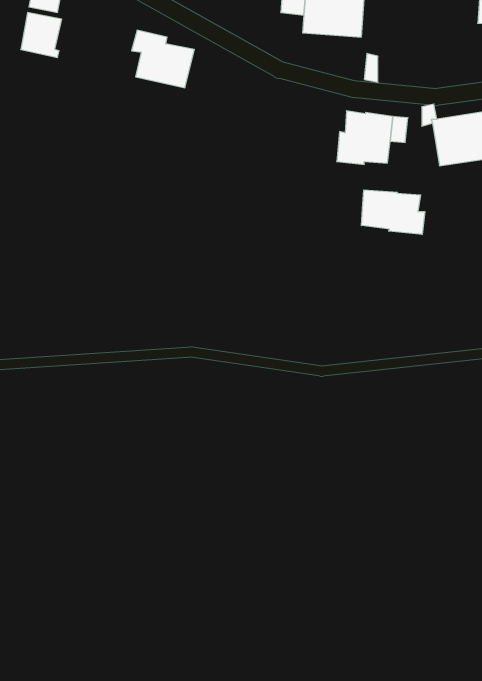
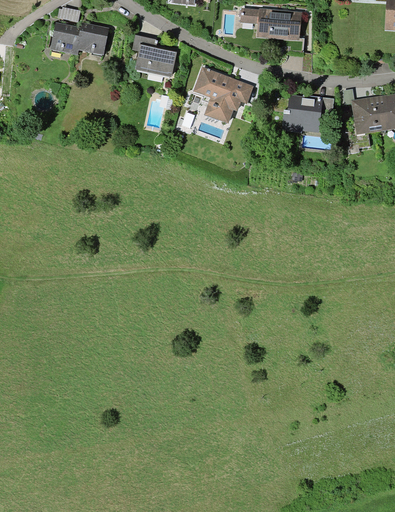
building: none -> [75,22,109,55]
building: none -> [192,67,253,123]
building: [361,190,425,235] -> none

